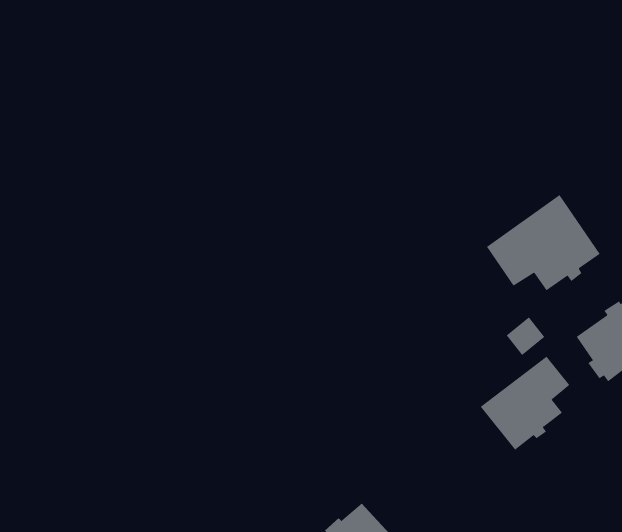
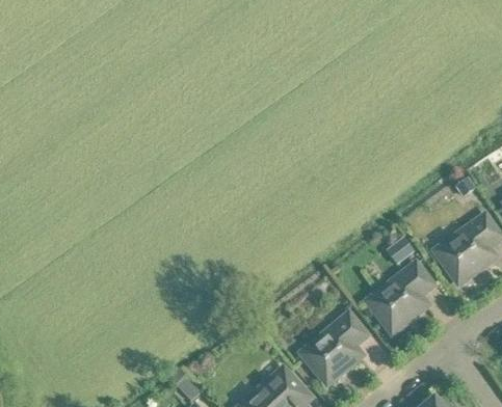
building: [486,194,601,291] -> none
building: none -> [301,315,365,384]

